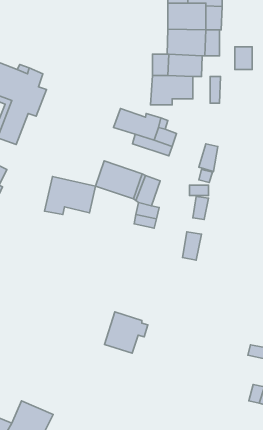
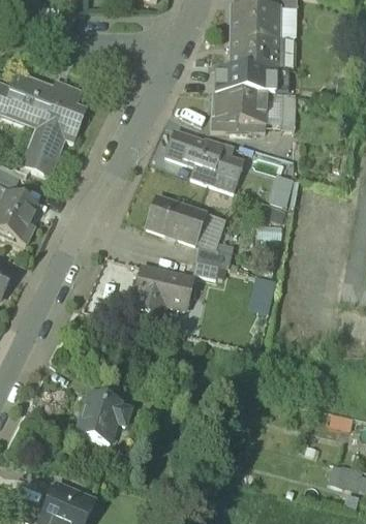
building: [235,47,252,69] -> [262,94,282,121]
building: [45,177,95,214] -> [131,266,192,311]
building: [105,312,148,353] -> [75,393,127,442]

